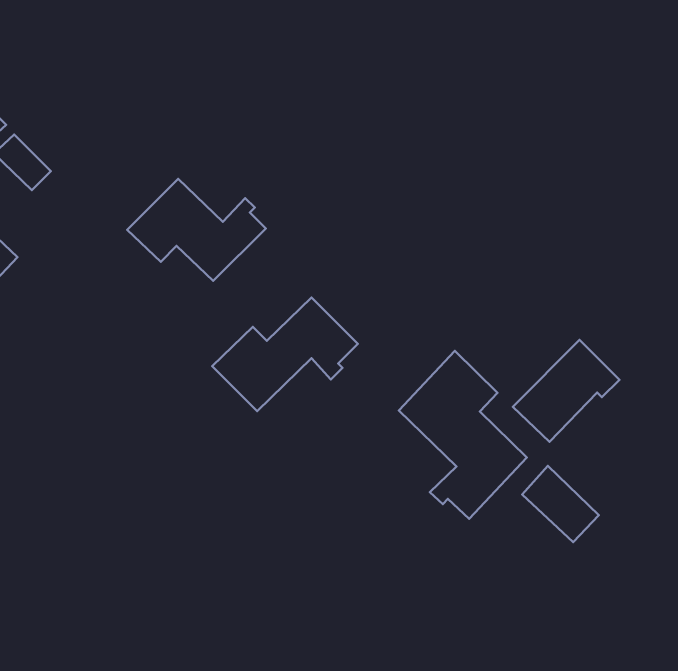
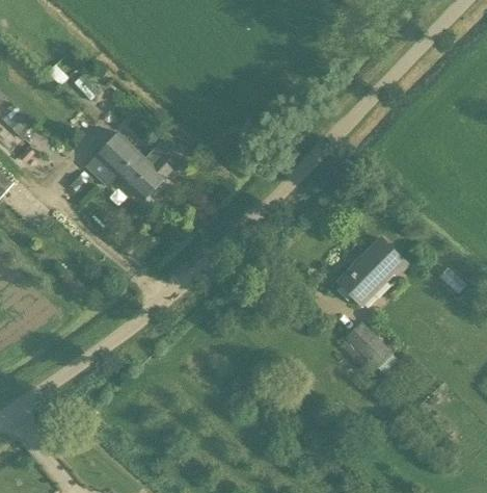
building: [212,298,358,411] -> none
building: [399,351,527,519] -> none

